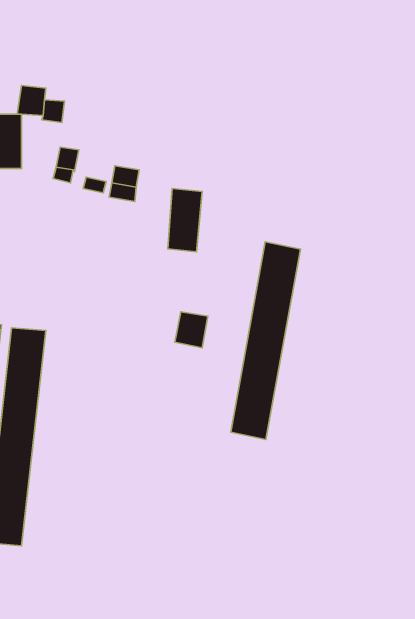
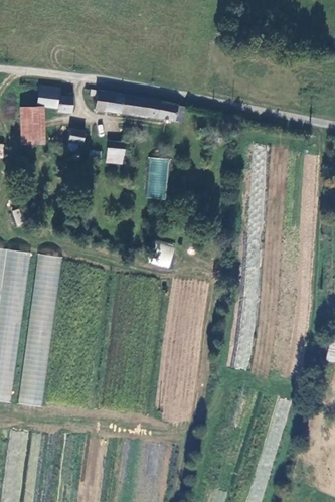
building: none -> [94,92,186,121]
building: [231,242,300,439] -> none

